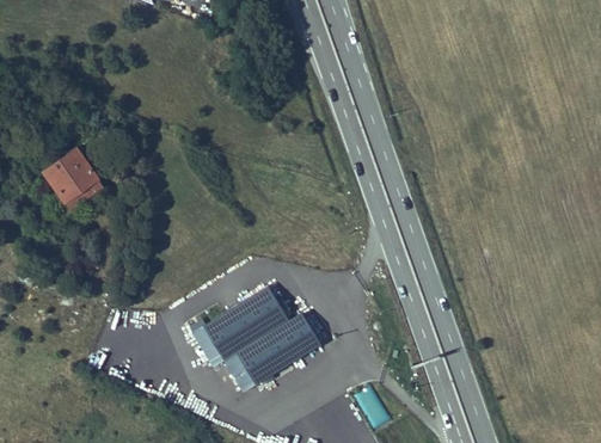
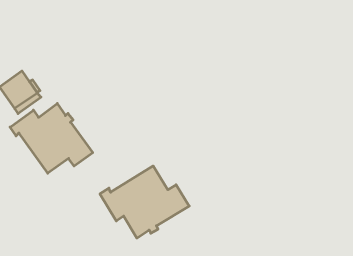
building: none -> [10,103,93,173]

